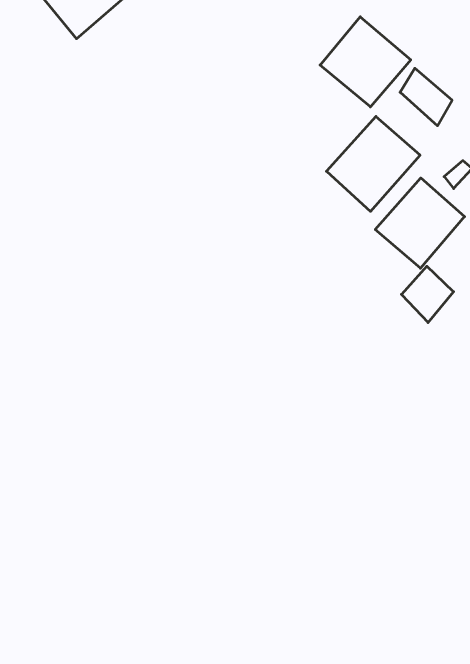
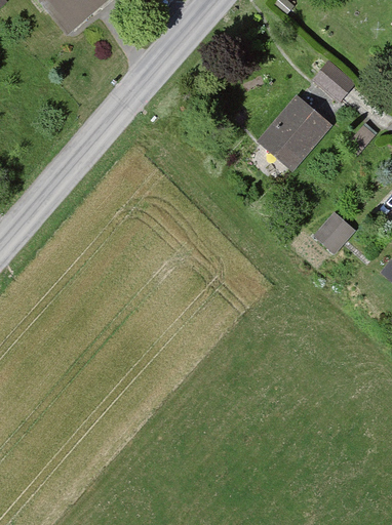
building: [320,17,411,107] -> none
building: [375,178,465,268] -> none

